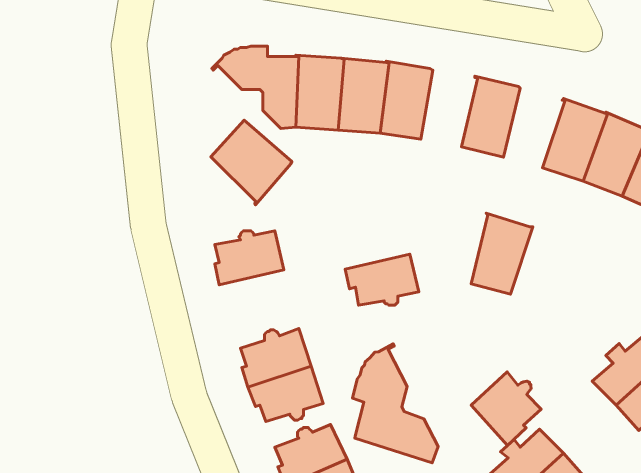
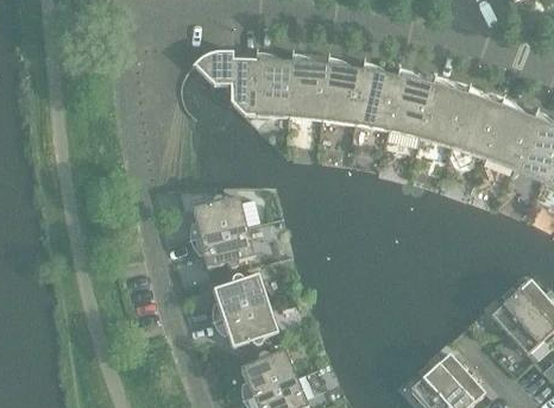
building: none -> [355,65,401,128]
building: [211,120,292,205] -> none
building: [471,213,533,294] -> [421,81,470,145]
building: [345,254,419,305] -> [196,226,254,266]
building: [352,344,438,463] -> none
building: [471,372,541,445] -> none

